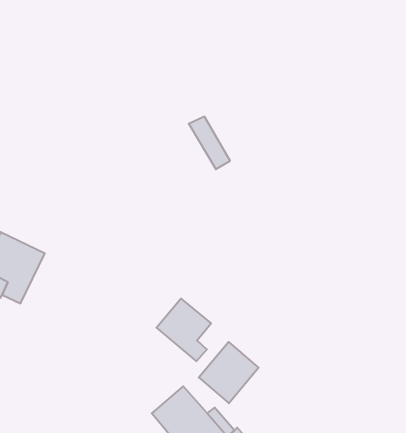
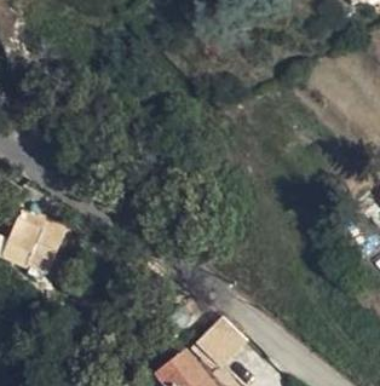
building: [156,299,211,361] -> none

